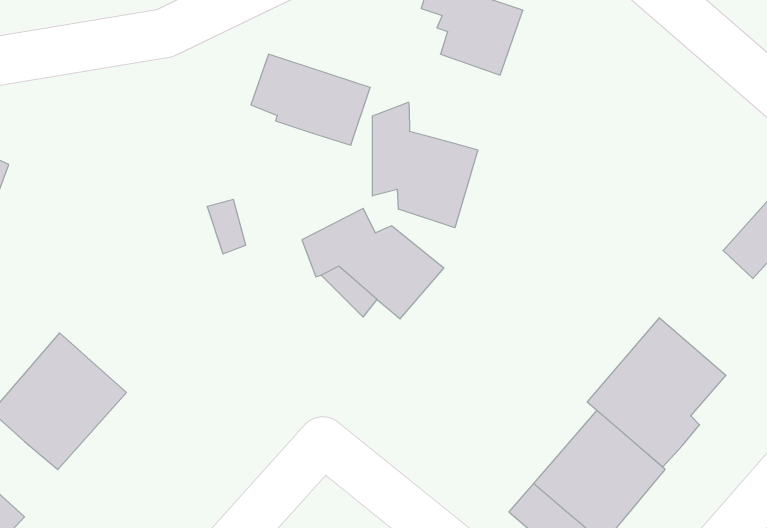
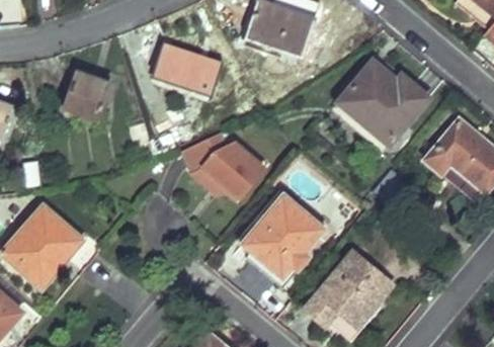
building: none -> [337,59,428,144]
building: [372,102,478,228] -> none
building: none -> [63,72,109,120]
building: [587,318,726,467] -> [242,194,322,280]

